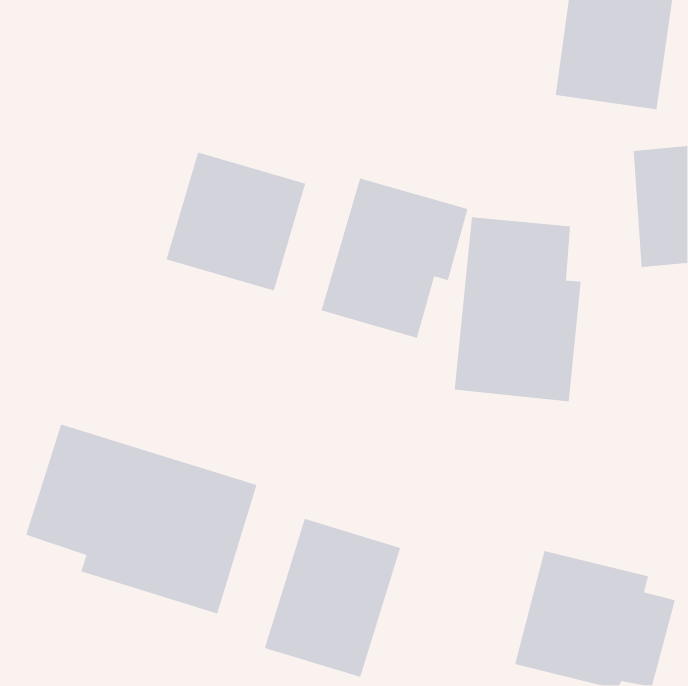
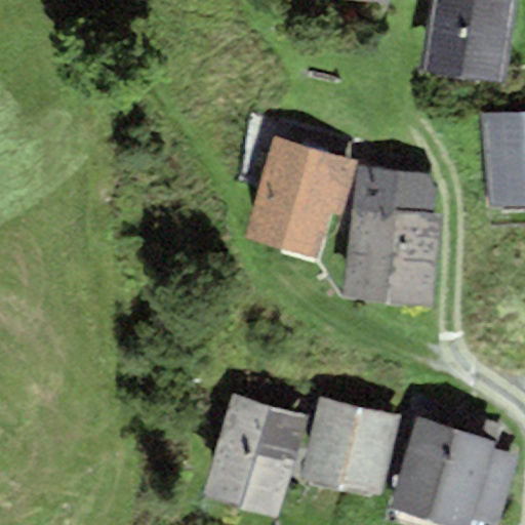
building: [166,152,306,291] -> none
building: [25,424,258,615] -> none
building: none -> [302,399,399,497]

